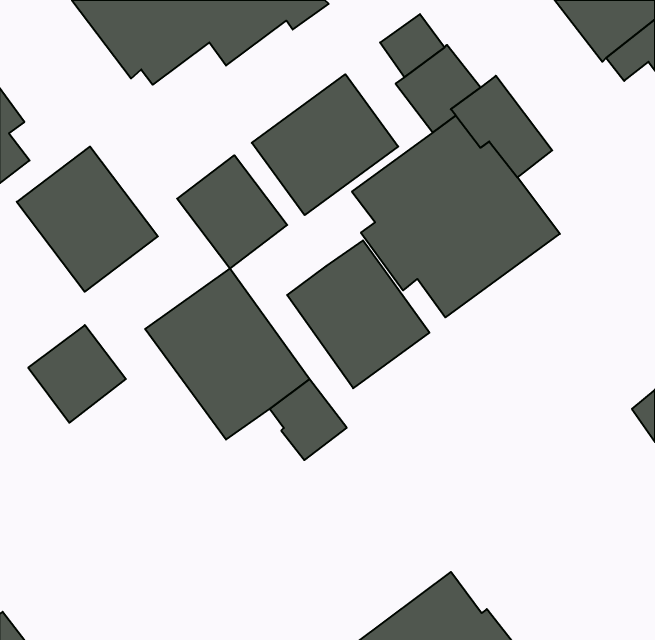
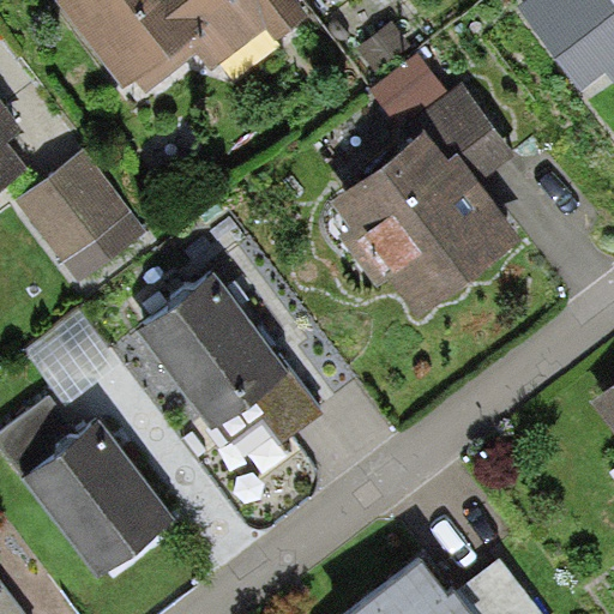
building: [252,74,398,215] -> none
building: [177,155,287,269] -> none
building: [287,240,429,388] -> none
building: none -> [19,415,174,574]

